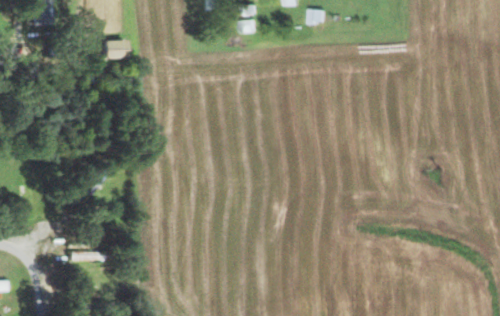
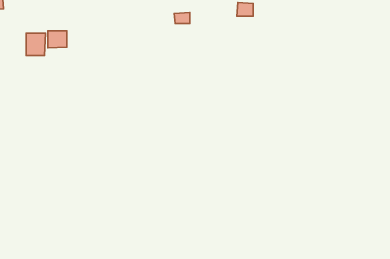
building: none -> [26,33,45,55]

